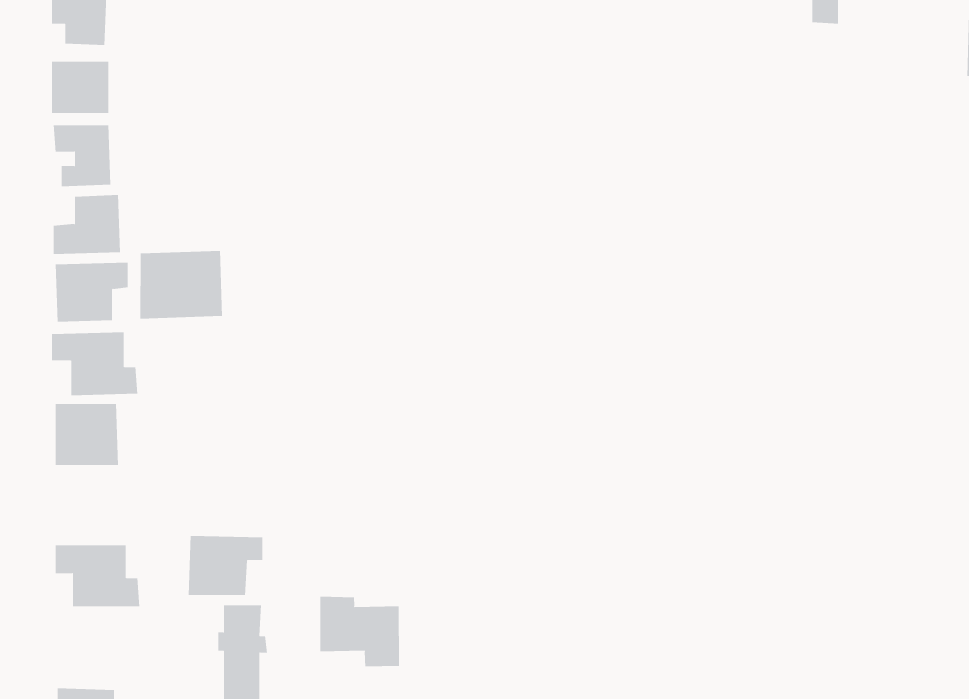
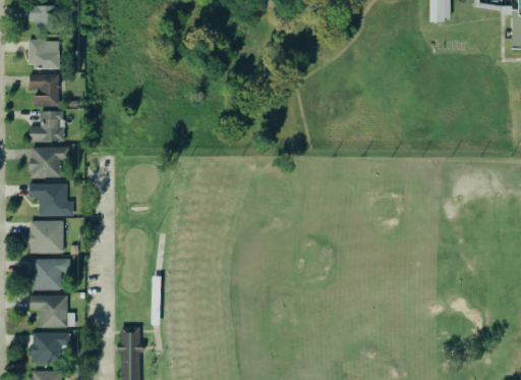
building: [140,250,223,319] -> none
building: [188,535,263,595] -> [31,258,70,289]
building: [320,596,399,667] -> none
building: none -> [33,331,71,363]

